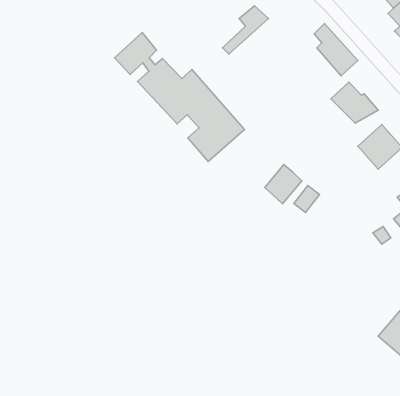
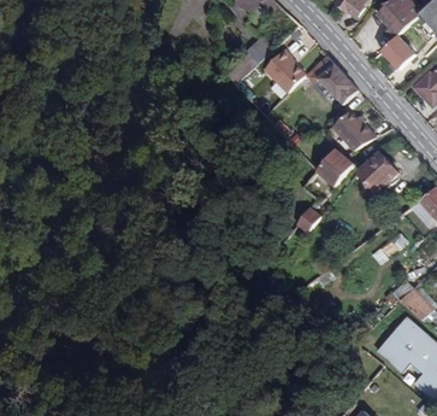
building: none -> [264,49,305,93]
building: [115,32,245,161] -> none
building: [265,164,302,204] -> [317,148,352,186]

